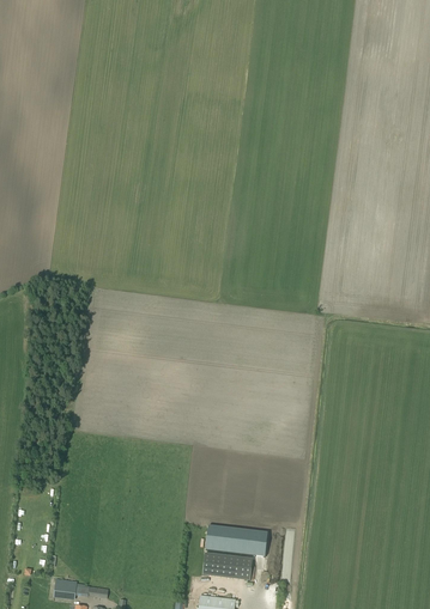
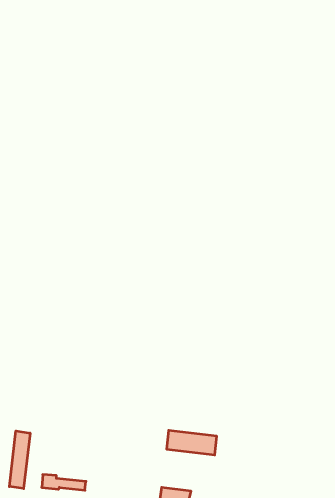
building: none -> [9,431,30,489]
building: [204,554,250,577] -> none

